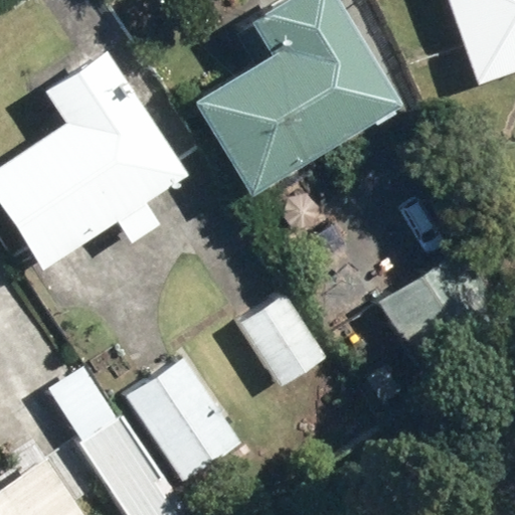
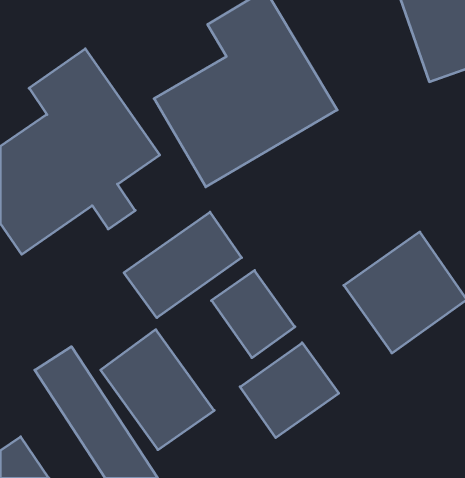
building: none -> [124,212,242,318]
building: none -> [240,343,339,438]

